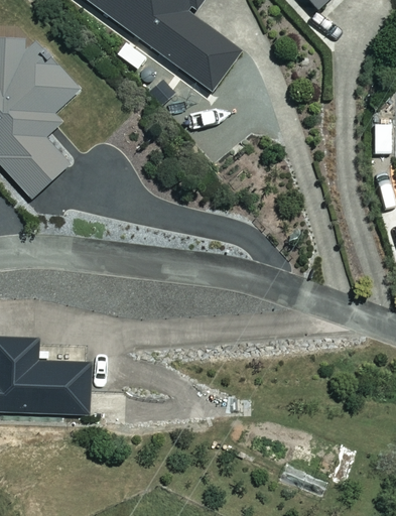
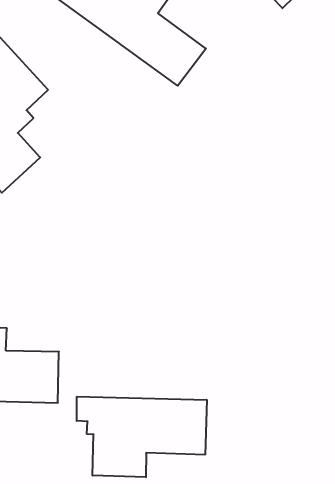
building: none -> [77,397,207,477]

